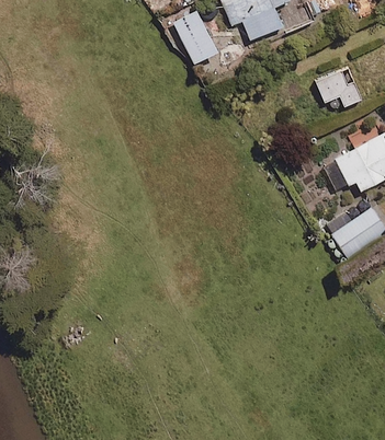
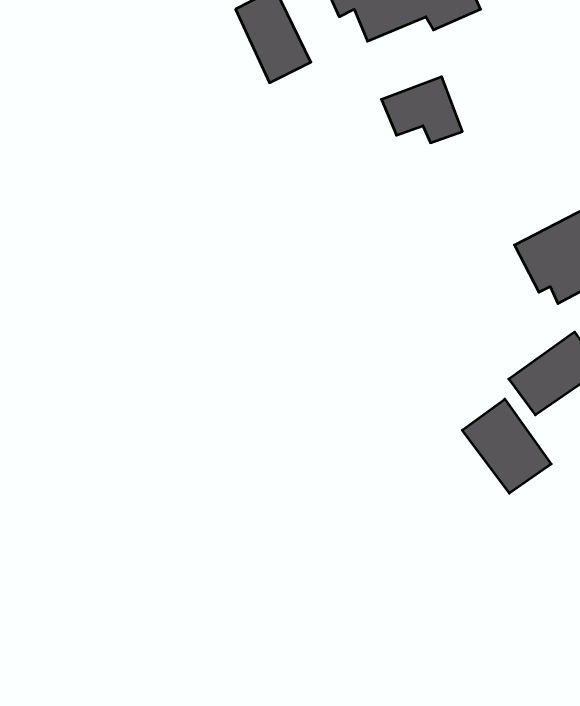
building: [315,68,362,106] -> [381,77,462,143]
building: none -> [462,399,551,493]

